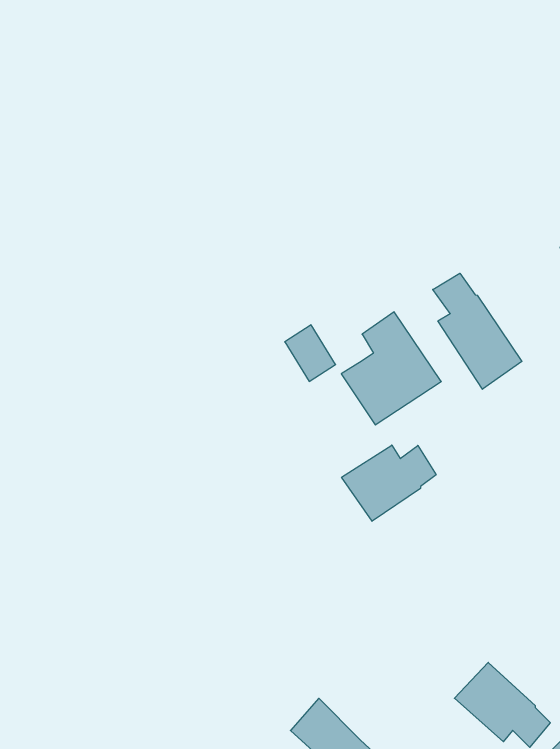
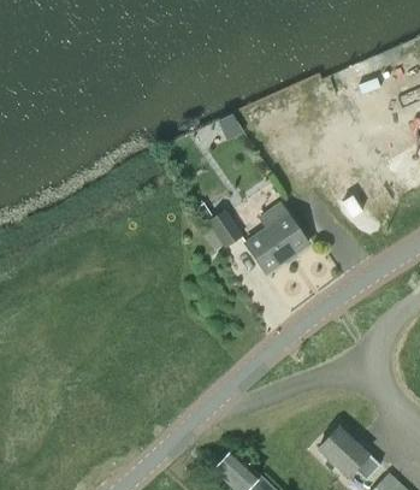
building: [433,273,522,389] -> none
building: [342,445,436,521] -> none

